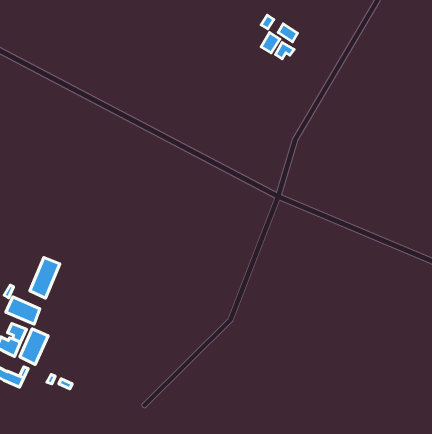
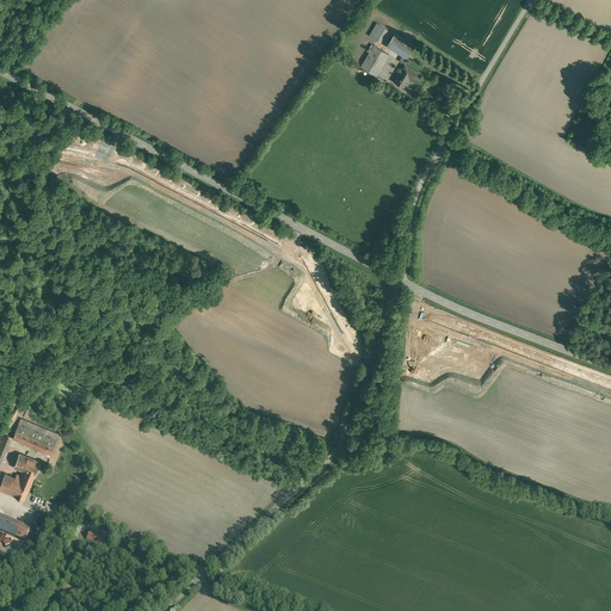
building: [30,257,60,298] -> none
building: [20,329,48,364] -> none

